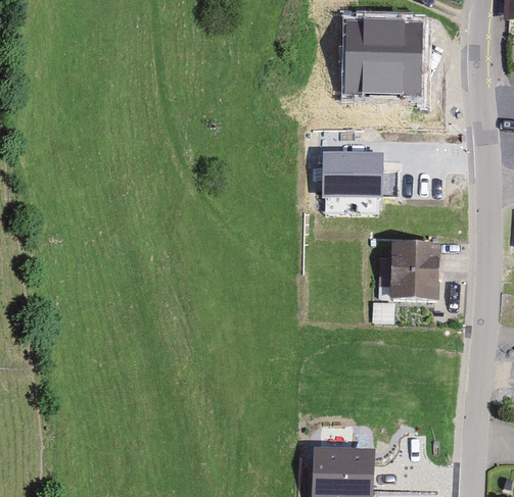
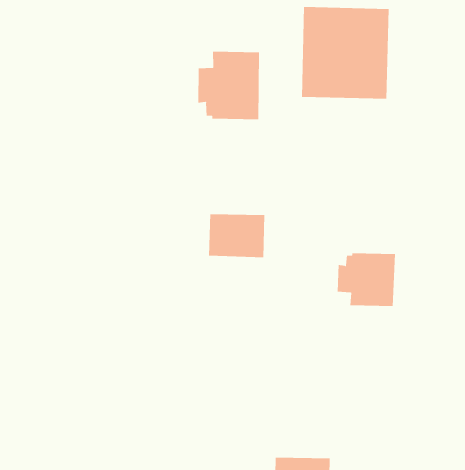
building: none -> [198,51,259,120]
building: [325,153,380,196] -> [208,214,265,258]

